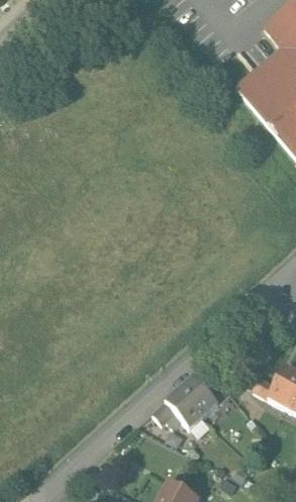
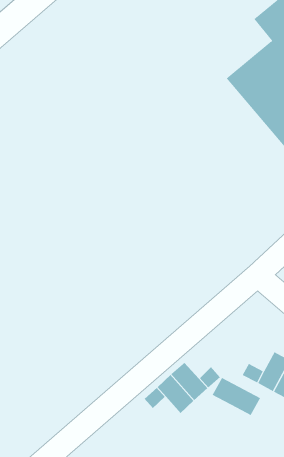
building: none -> [212,377,261,416]

